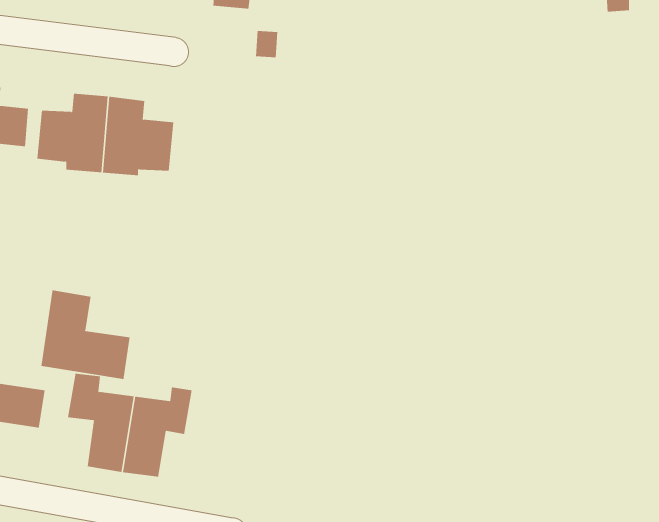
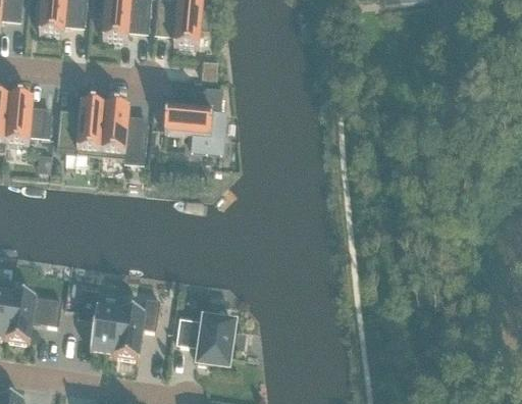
building: none -> [164,86,212,133]
building: [41,289,130,380] -> none
building: none -> [176,315,234,365]

